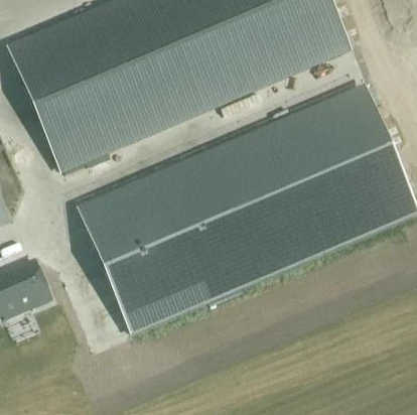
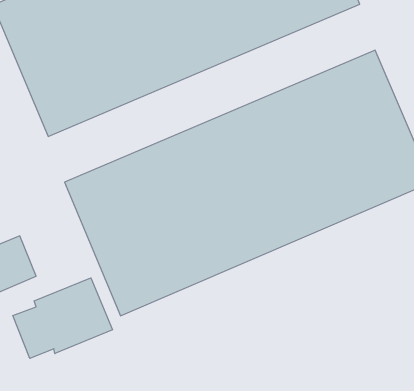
building: none -> [13,278,113,358]

